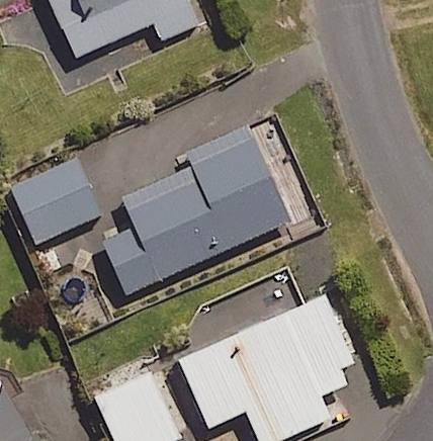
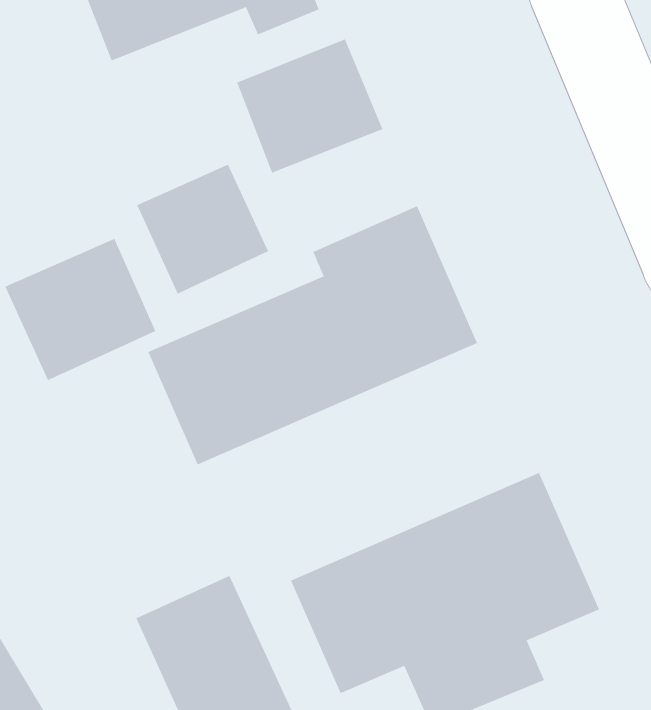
building: none -> [236,39,383,174]
building: none -> [137,164,269,295]

